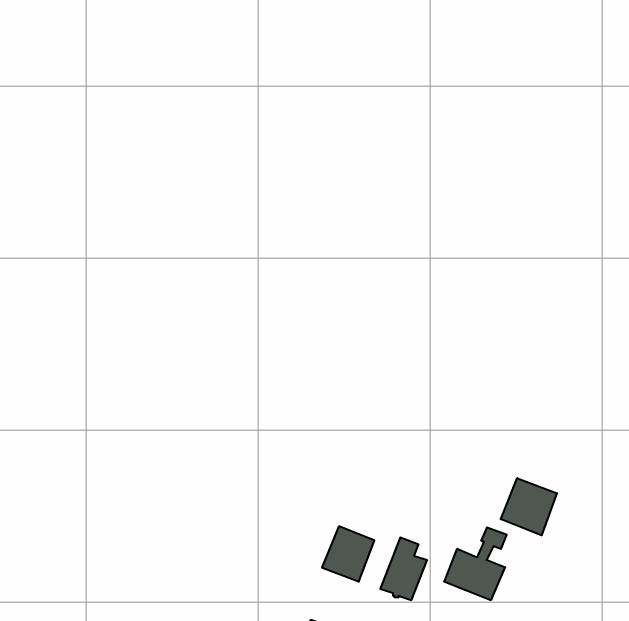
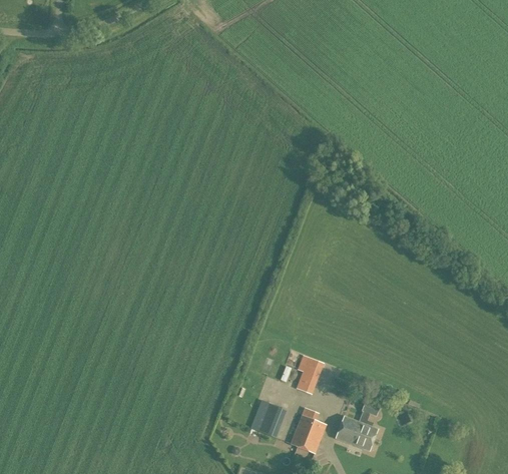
building: none -> [296,356,323,394]
building: [501,478,557,535] -> none

